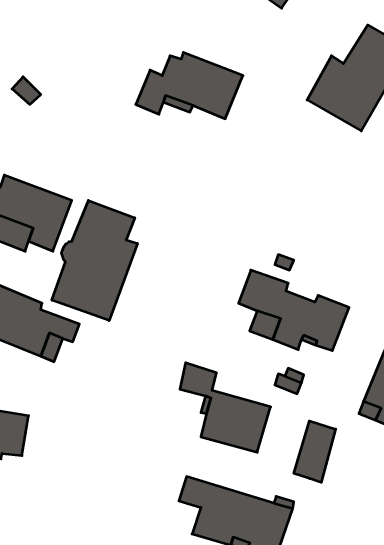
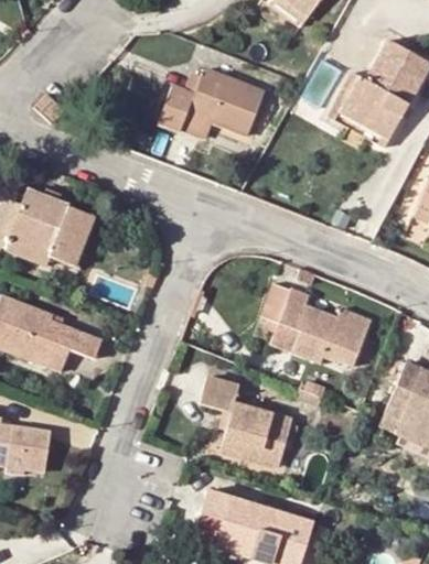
building: [52,200,137,321] -> none
building: [294,421,336,482] -> none

